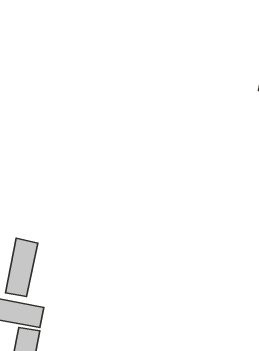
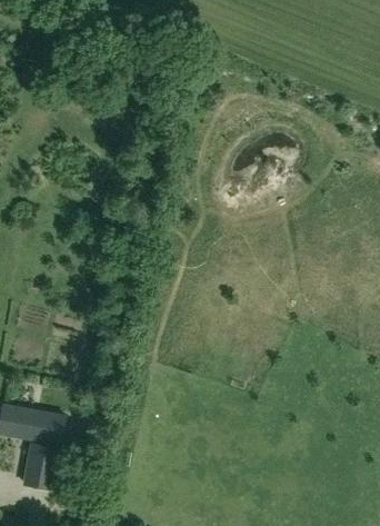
building: [5,238,38,297] -> none

